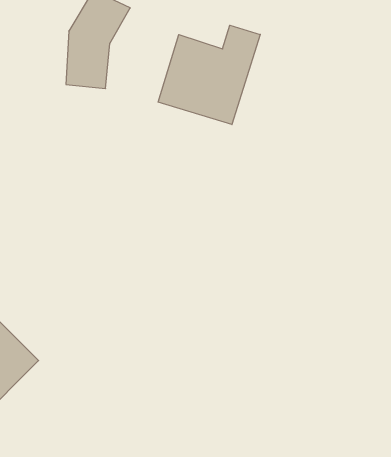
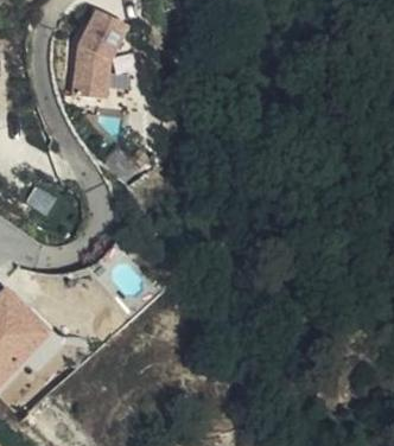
building: [158,25,260,125] -> none

